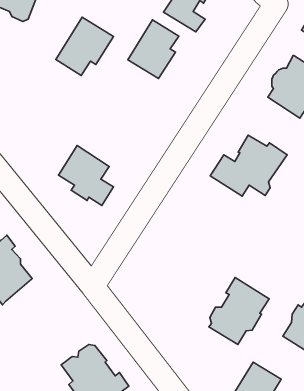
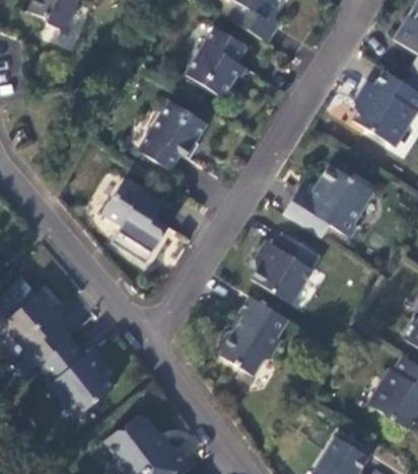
building: [56,17,113,76] -> [139,100,208,170]
building: none -> [253,232,318,302]
building: [209,278,269,345] -> [219,296,291,376]
building: none -> [40,337,114,412]

